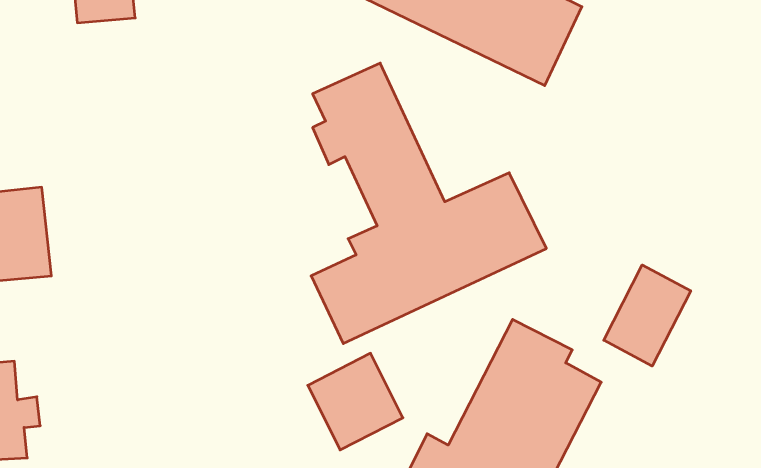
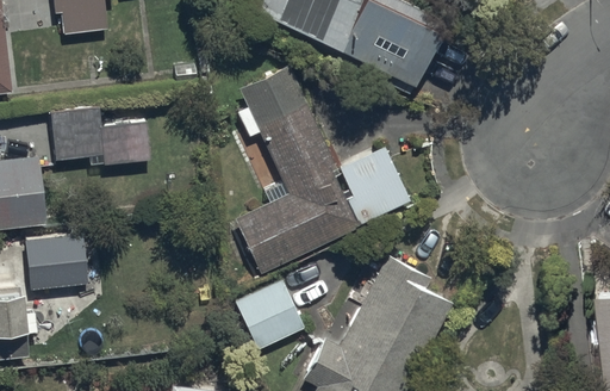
building: none -> [50,105,148,169]
building: [604,265,691,366] -> none
building: none -> [27,232,82,290]

